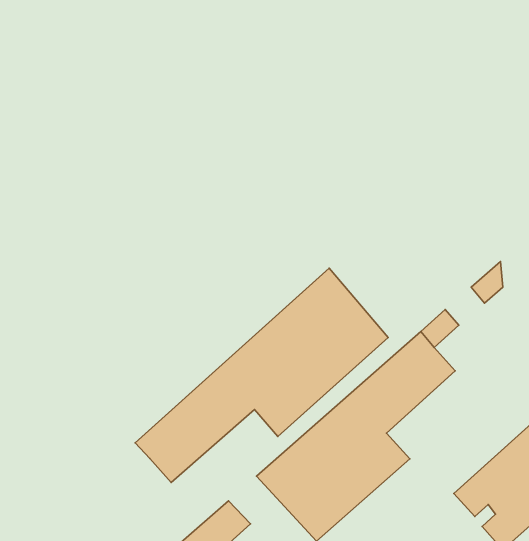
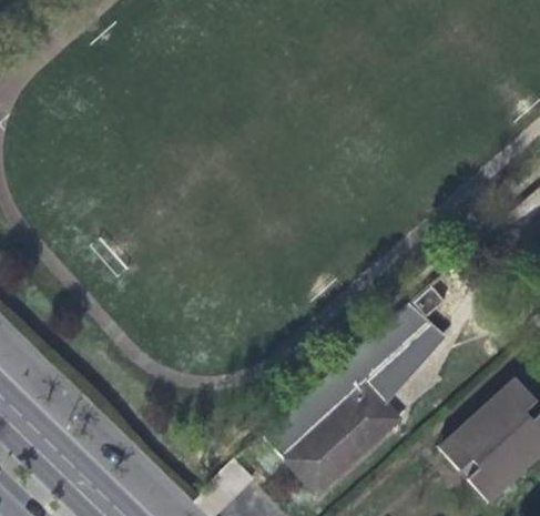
building: [135,268,388,483] -> none

